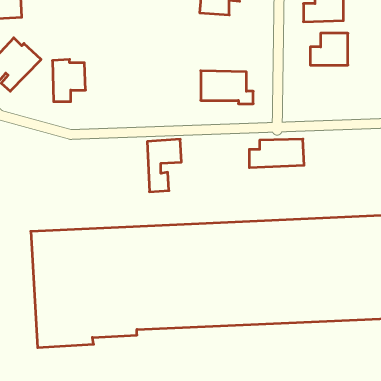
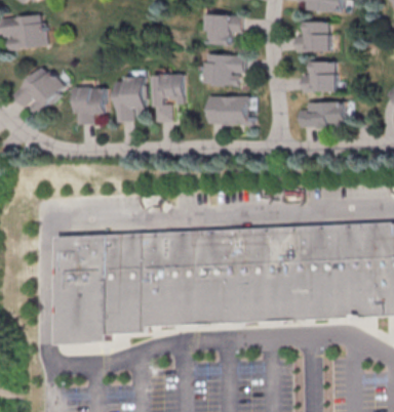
building: none -> [200,52,246,83]
building: none -> [111,74,142,119]
building: [249,139,304,168] -> [299,99,348,125]
building: [147,139,181,192] -> [150,73,181,120]

